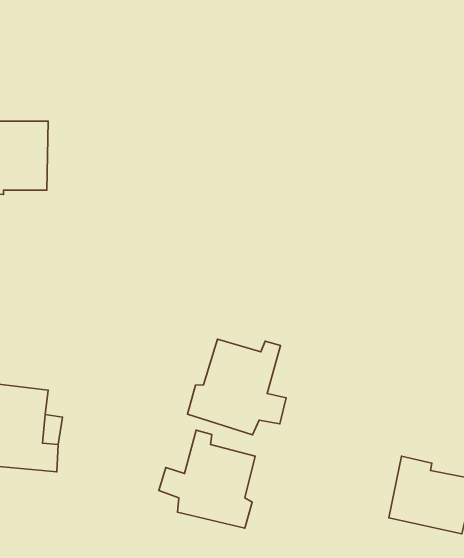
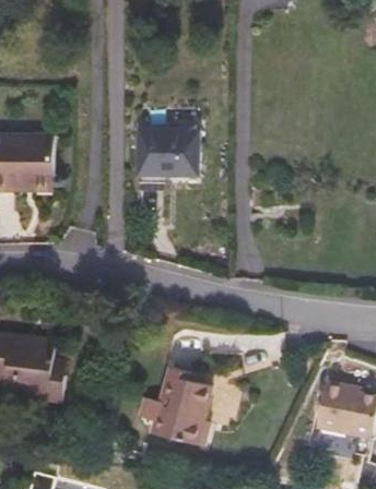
building: none -> [138,120,199,176]
building: [188,339,286,435] -> none

